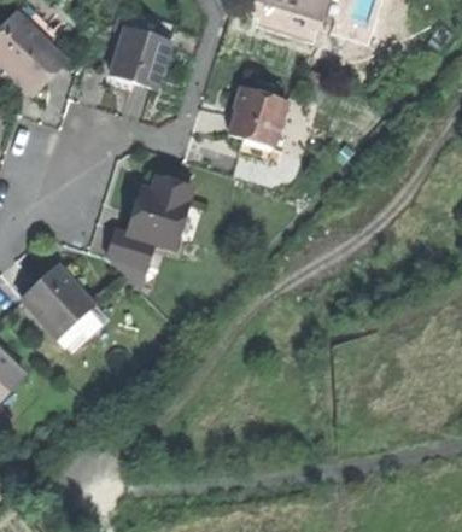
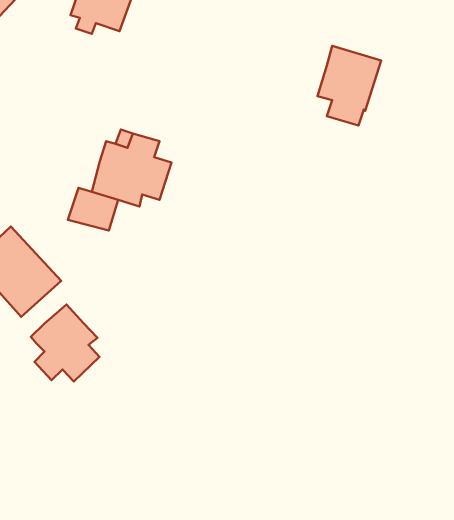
building: [230,86,288,158] -> [317,46,381,125]
building: none -> [31,305,100,381]

